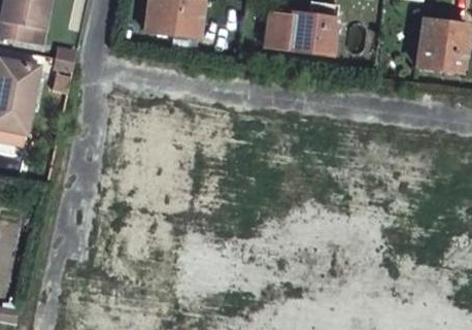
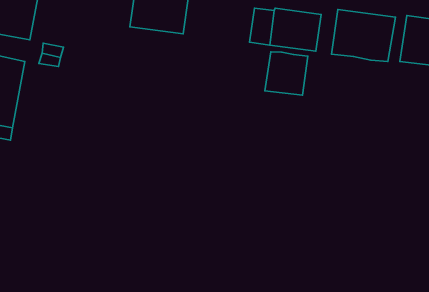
building: none -> [332,10,395,61]
building: none -> [265,52,308,95]

